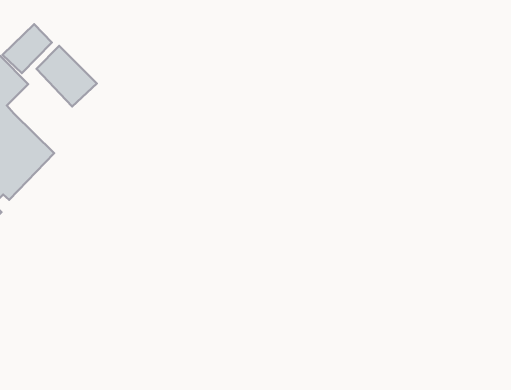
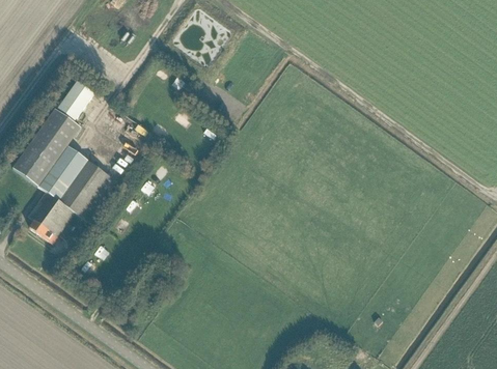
building: [36,46,97,107] -> none

